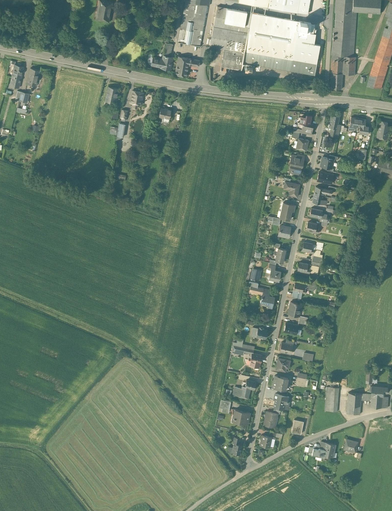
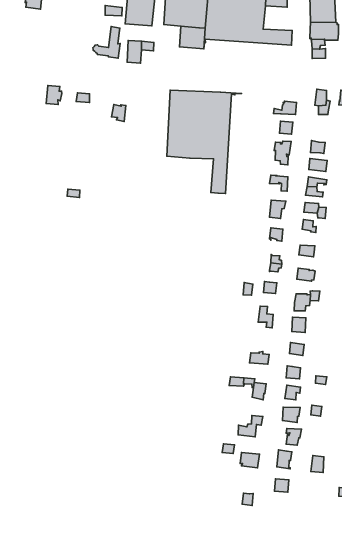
building: [292,40,320,63] -> none
building: none -> [167,90,241,194]

